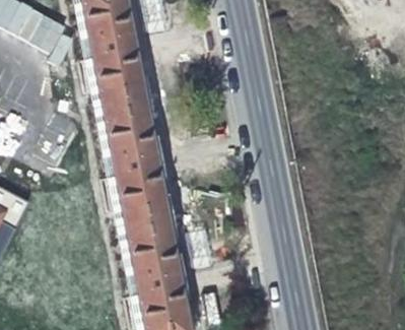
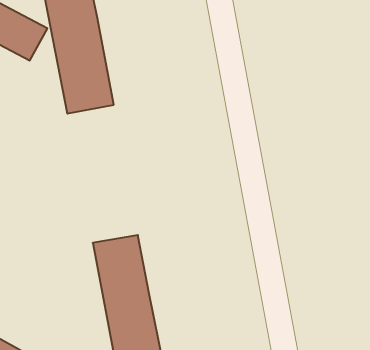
building: [102,100,166,226] -> none

